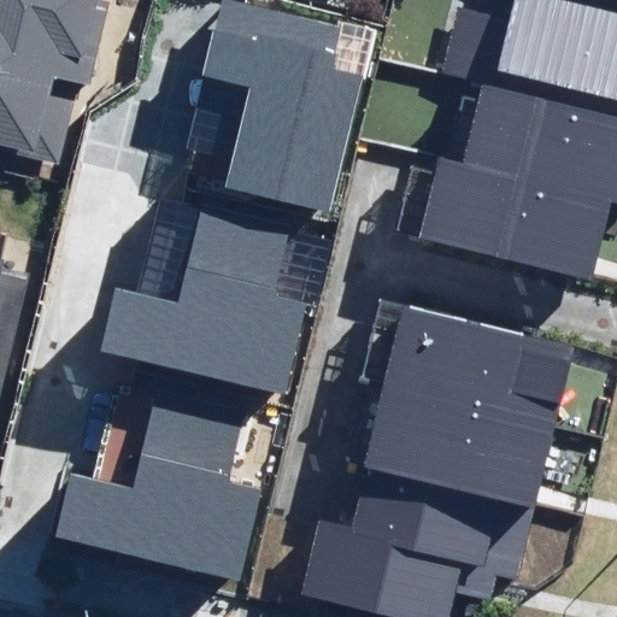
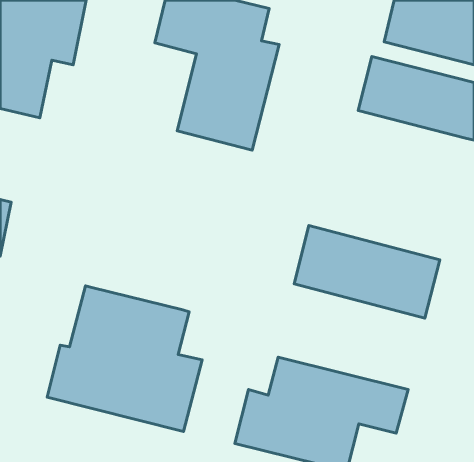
building: [417,153,605,280] -> none
building: [106,198,307,418] -> none
building: [363,384,552,503] -> none

